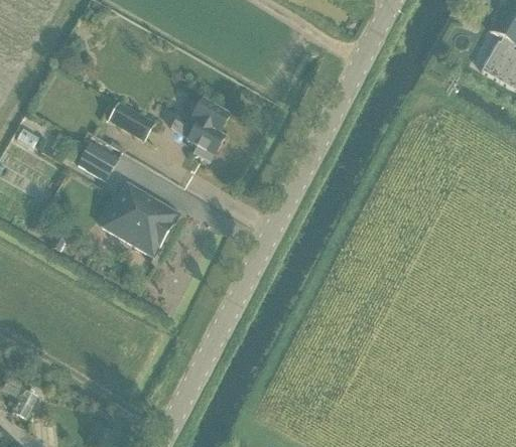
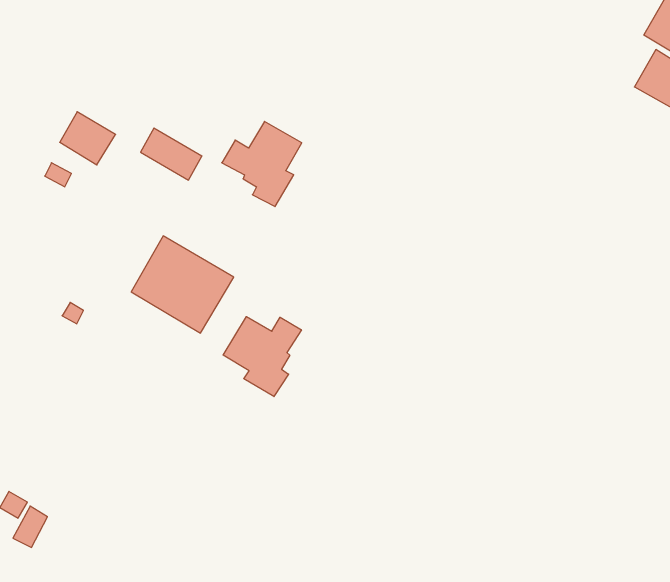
building: [77,140,119,180] -> [60,112,116,165]
building: none -> [223,317,301,397]

